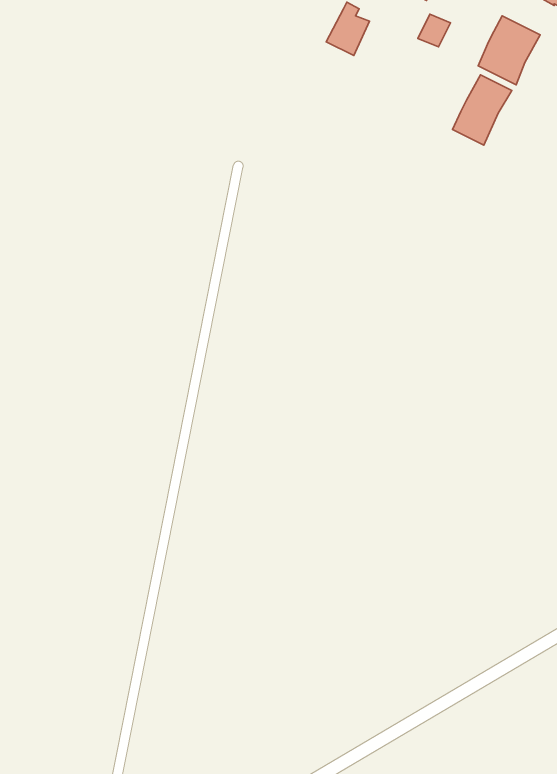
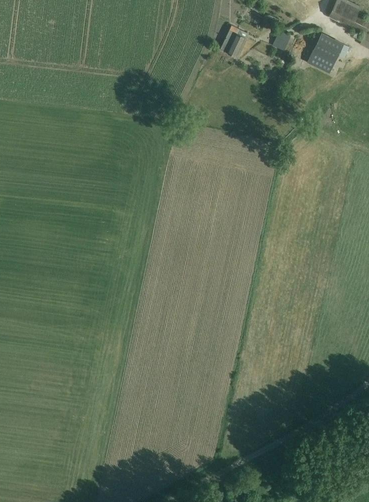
building: [453,75,512,145] -> none

